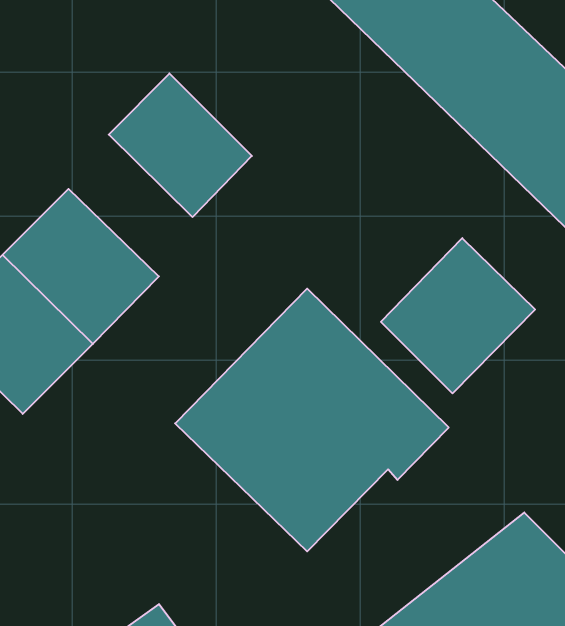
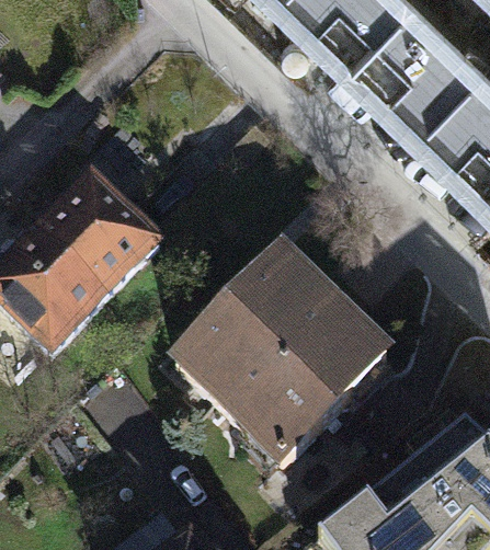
building: [109,73,252,217] -> none
building: [381,238,535,393] -> none

